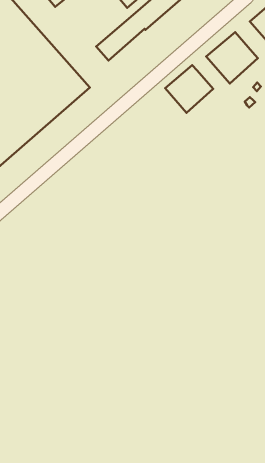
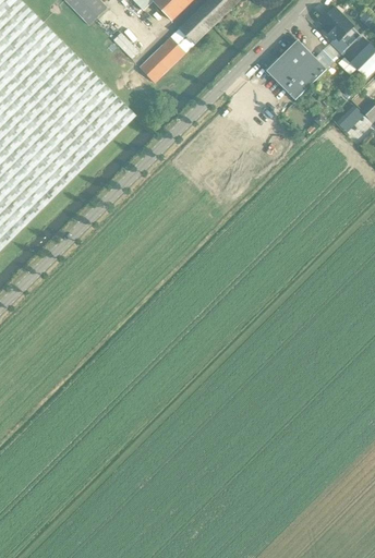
building: [165,65,213,113] -> none

